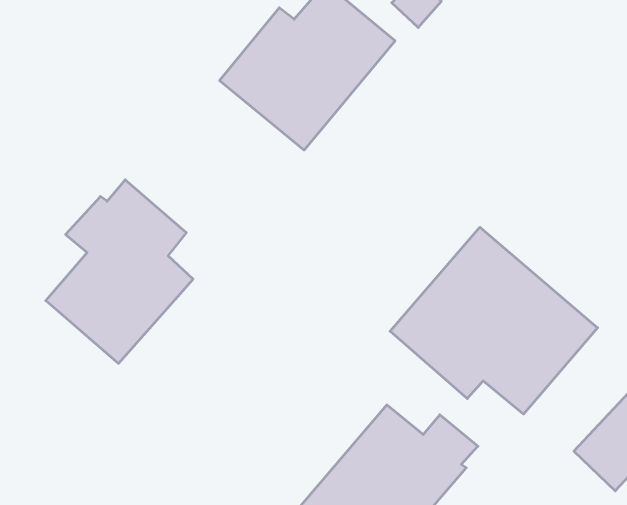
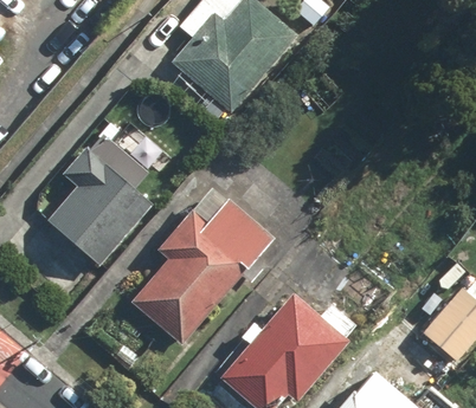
building: [390,227,598,414] -> none
building: none -> [129,187,272,347]

